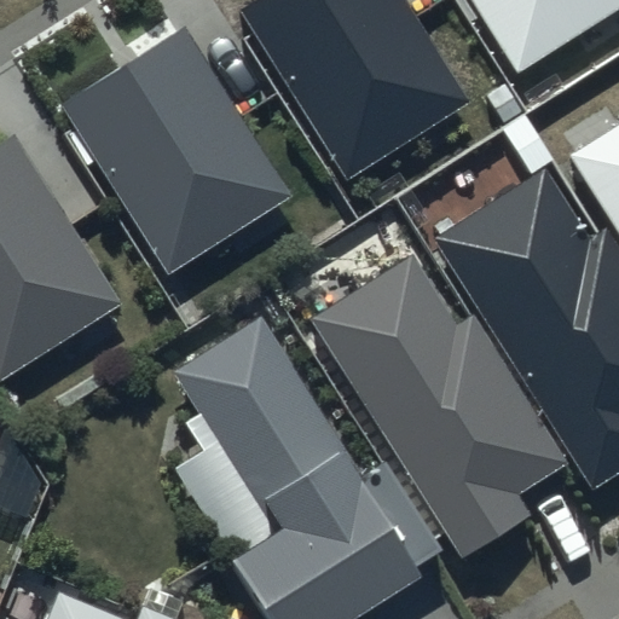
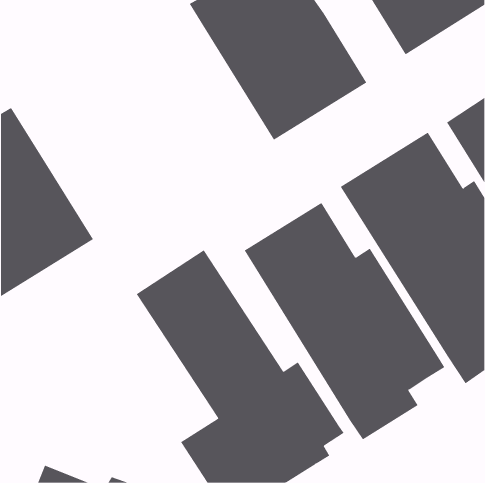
building: [58,27,285,271] -> none

